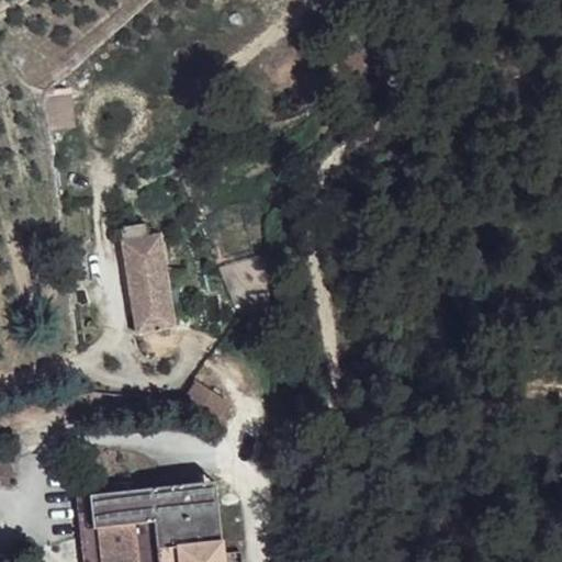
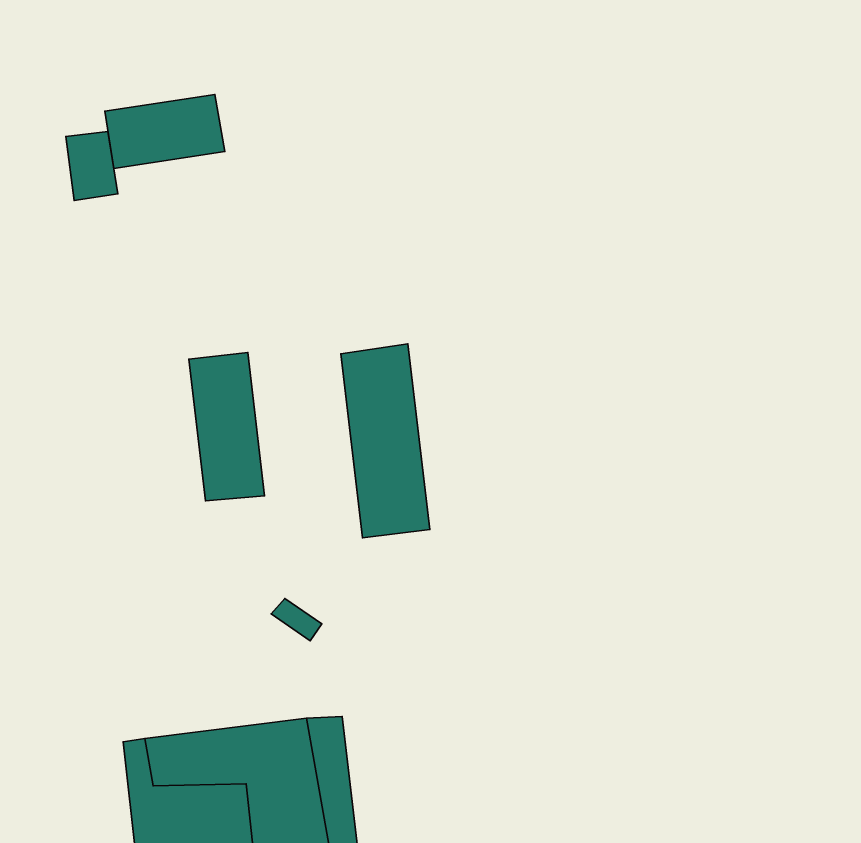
building: none -> [105,94,225,168]
building: none -> [341,344,430,538]

